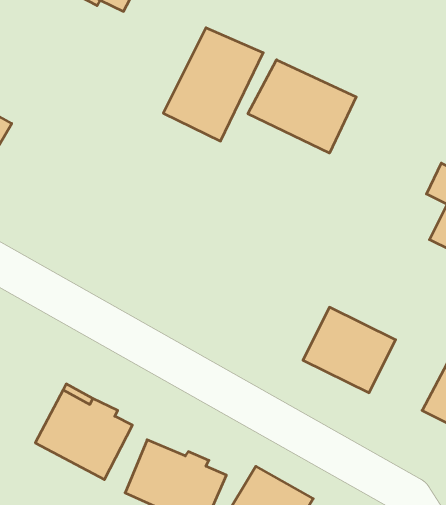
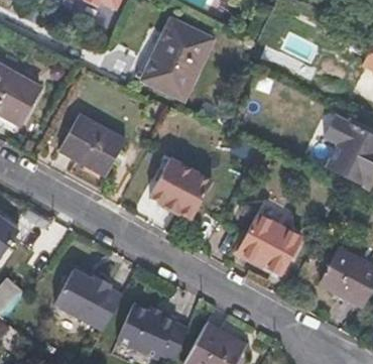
building: [248,60,356,153] -> none
building: none -> [66,111,127,170]
building: none -> [150,156,213,215]

